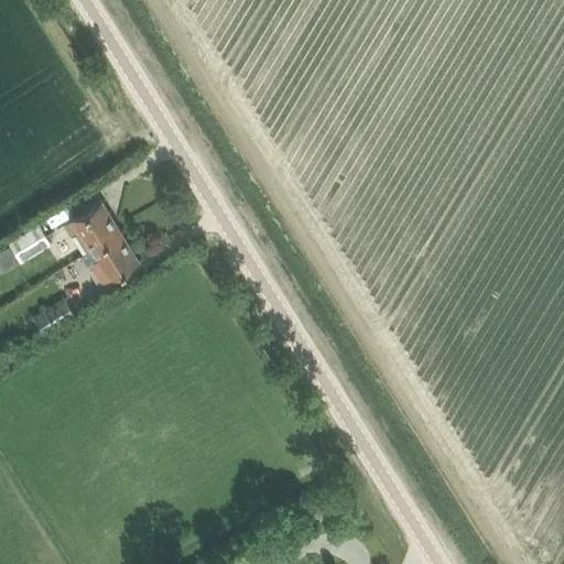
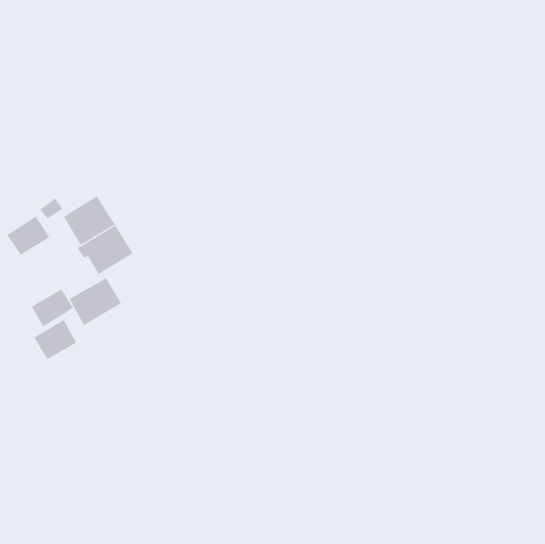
building: none -> [69,278,122,326]
building: none -> [33,319,77,360]

